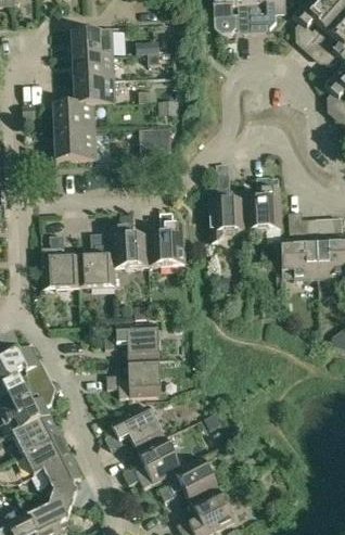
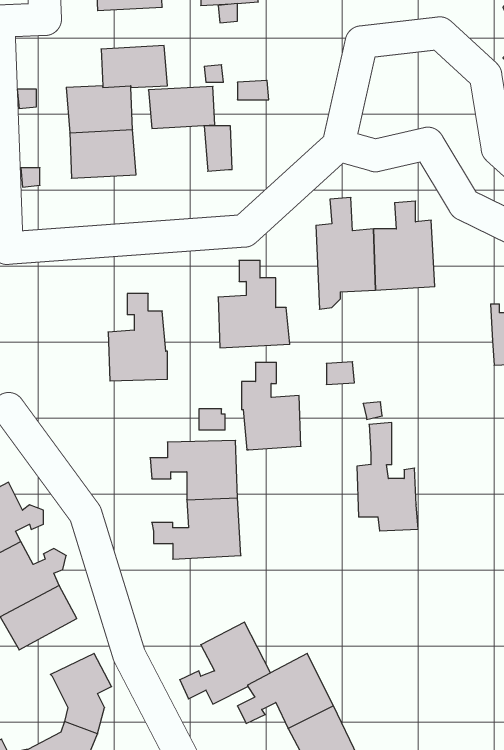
building: [72,54,113,80] -> [148,86,215,128]
building: [280,211,318,278] -> [357,423,418,531]
building: [111,214,148,268] -> [242,362,301,450]
building: [41,233,79,289] -> none
building: [105,404,163,450] -> none
building: [23,434,69,474] -> none

